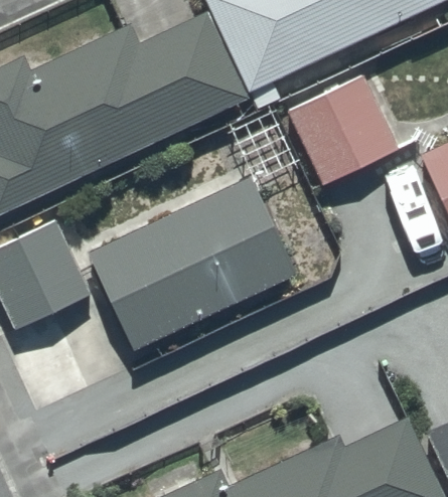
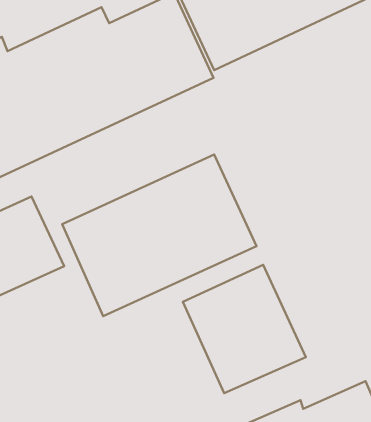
building: [289,74,400,184] -> none
building: none -> [183,265,306,393]

